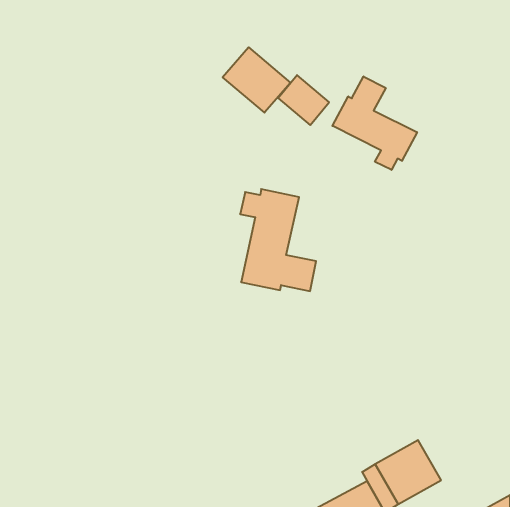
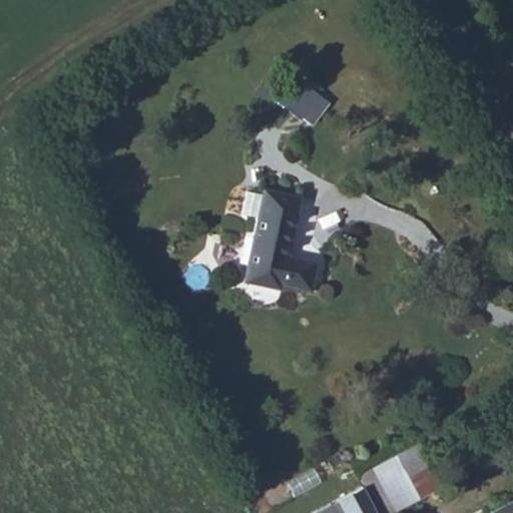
building: [223,47,291,113] -> none
building: [332,76,417,170] -> none

